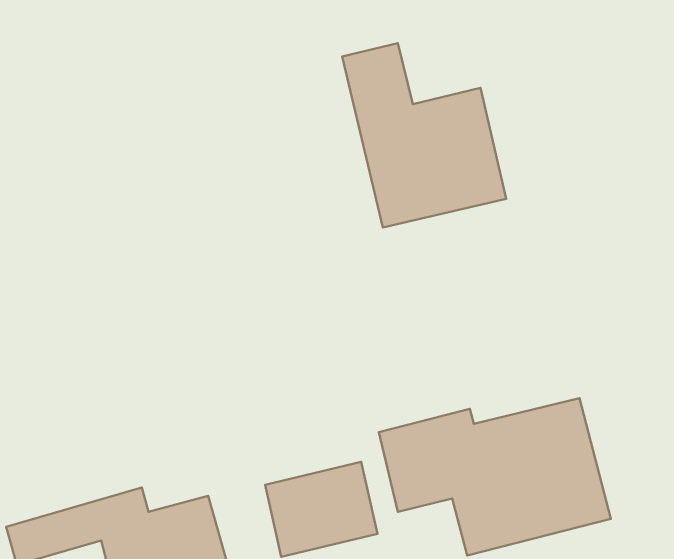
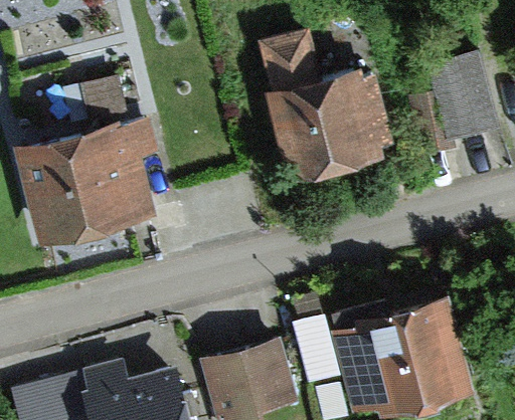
building: none -> [435,53,495,138]
building: none -> [21,125,148,237]

